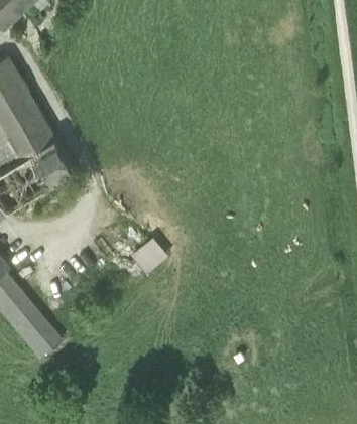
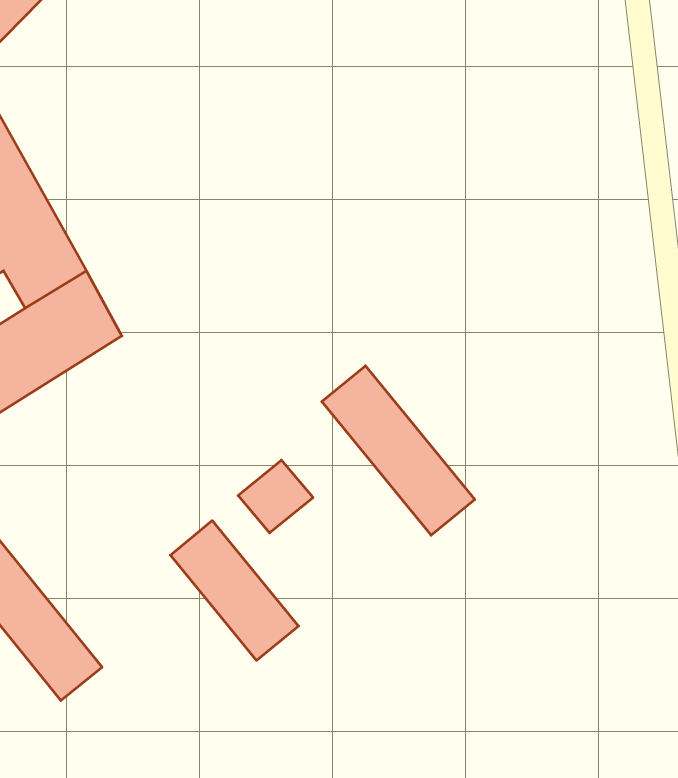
building: none -> [322,366,475,535]
building: none -> [170,521,299,660]

